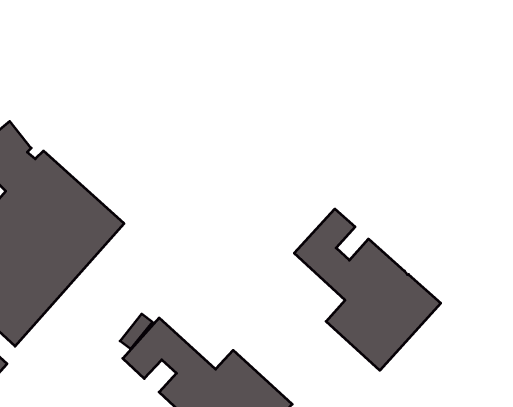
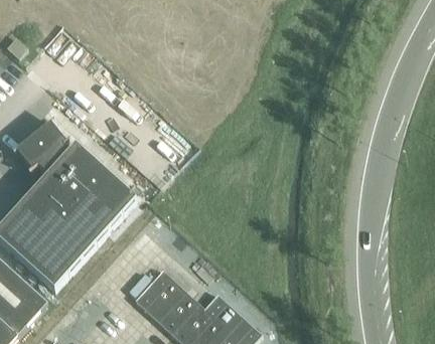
building: [294,209,441,370] -> none

